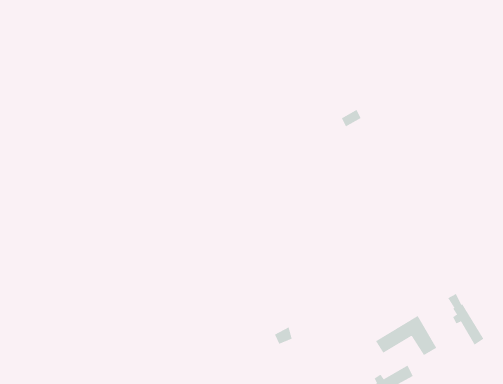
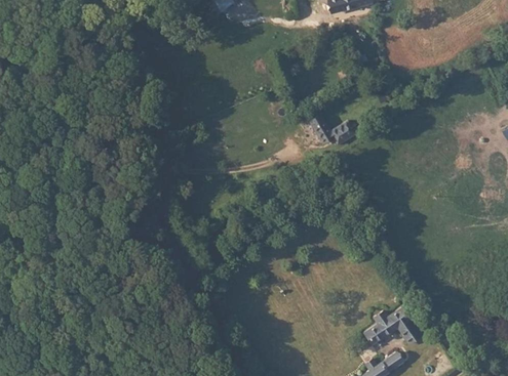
building: [448,293,484,346] -> none

